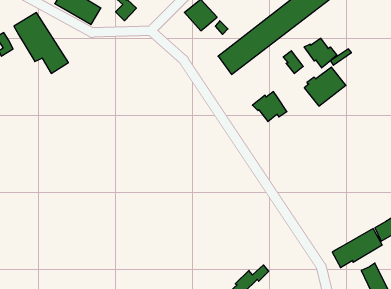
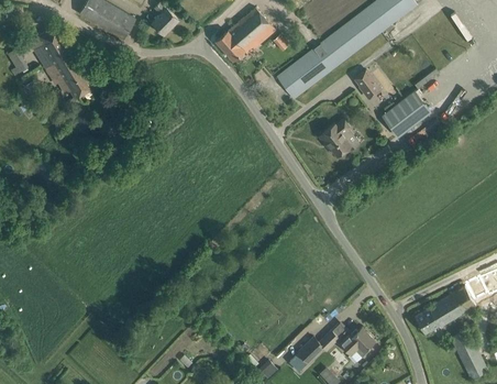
building: none -> [216,24,255,59]
building: [304,38,337,68] -> none
building: none -> [339,327,373,354]

